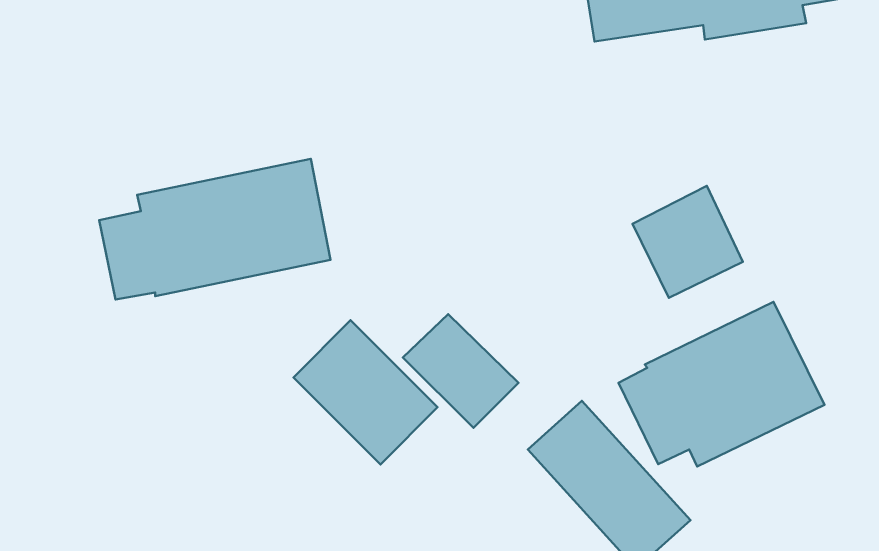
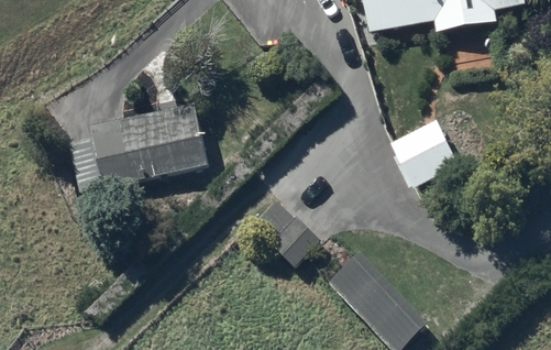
building: [619,302,825,466] -> none
building: [294,320,437,464] -> none

